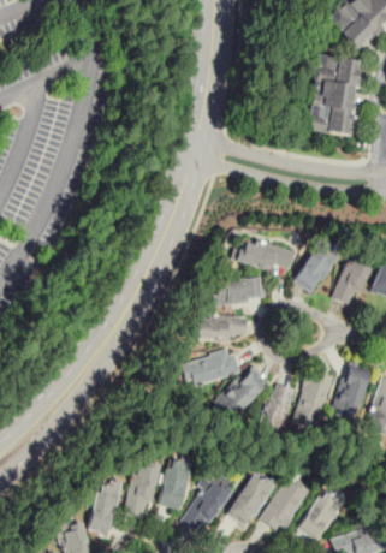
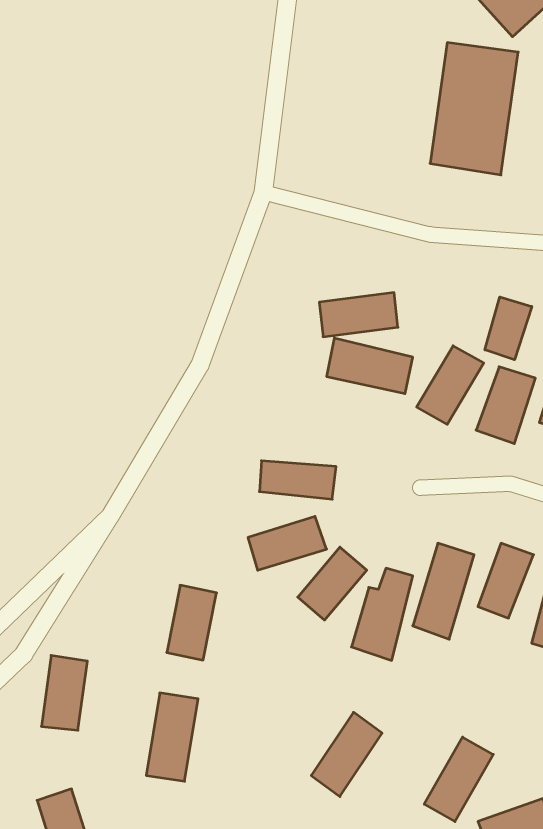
building: none -> [485,297,532,360]
building: [213,278,262,305] -> [319,293,398,337]
building: [160,460,191,507] -> [167,585,217,660]
building: [263,477,310,533] -> none
building: [188,478,232,528] -> none
building: [91,481,120,528] -> [41,655,87,730]

